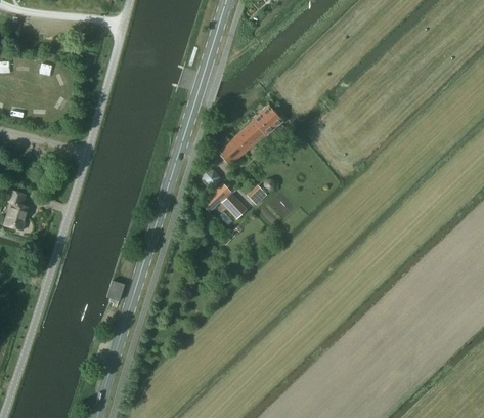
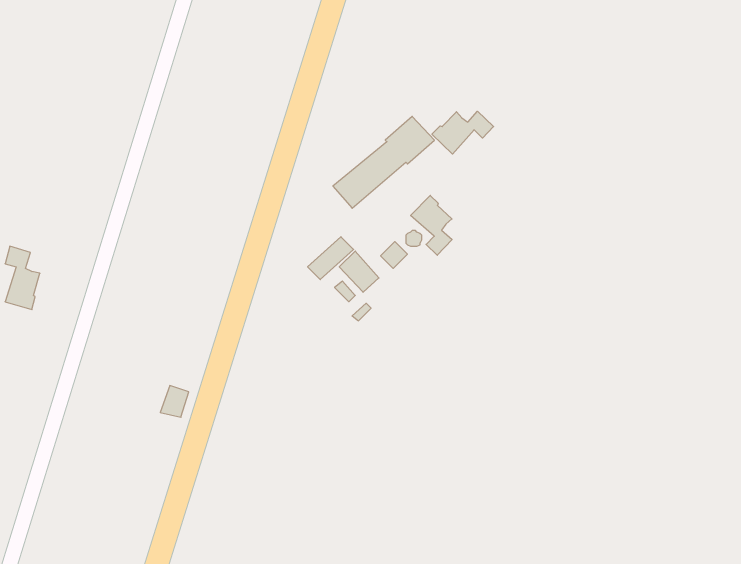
building: none -> [432,111,494,154]
building: none -> [411,195,452,255]

